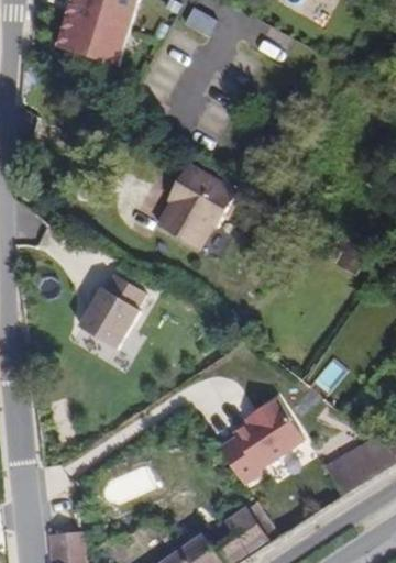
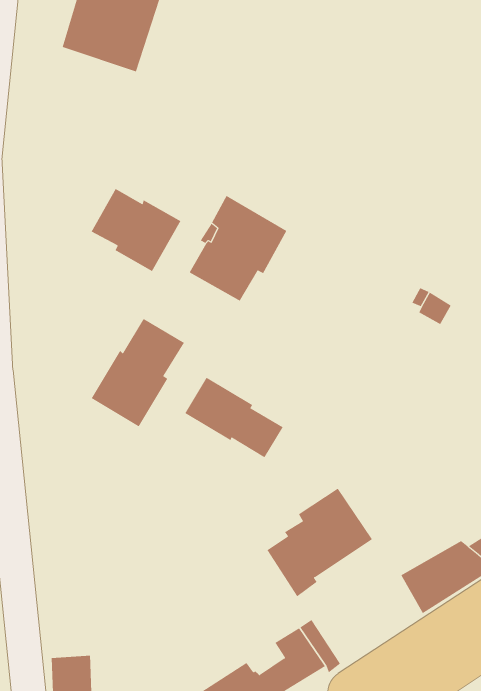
building: none -> [91,188,181,272]
building: none -> [184,377,283,458]

